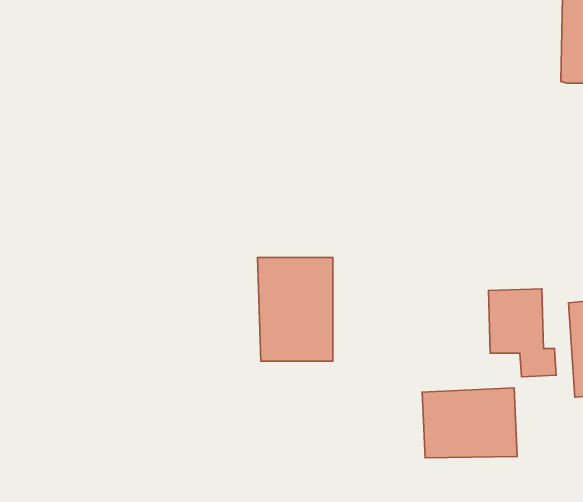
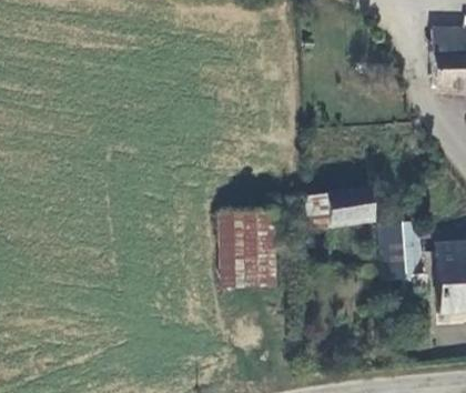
building: none -> [310,188,373,225]
building: [422,388,517,458] -> none

